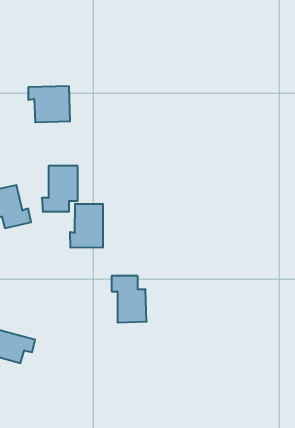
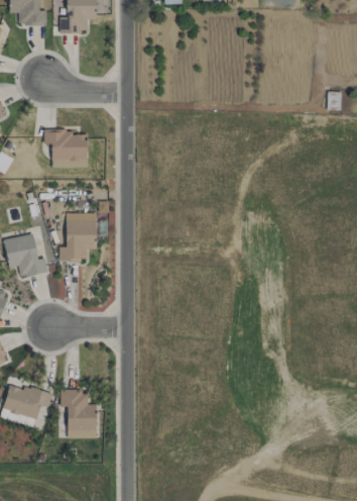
building: [70,204,103,248] -> none
building: [112,276,147,322] -> [62,390,98,438]

